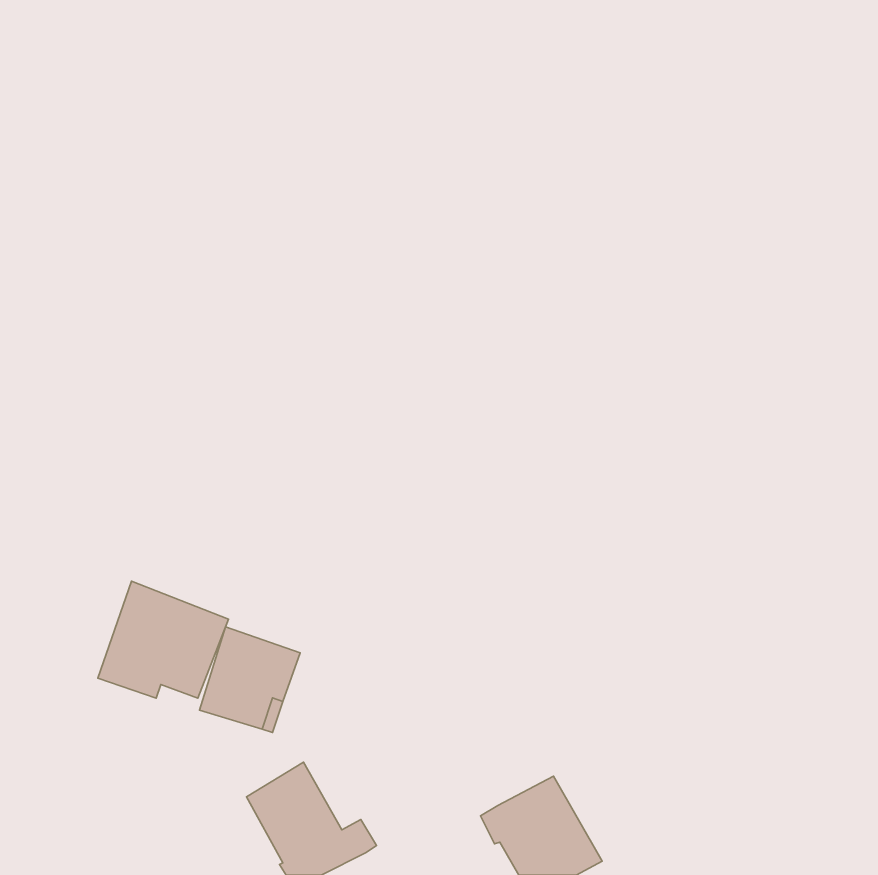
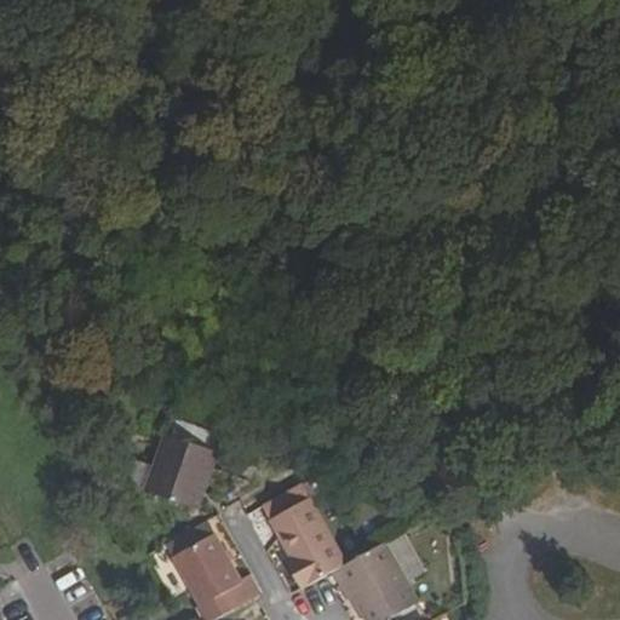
building: [98,581,229,698] -> none
building: none -> [269,496,348,589]

